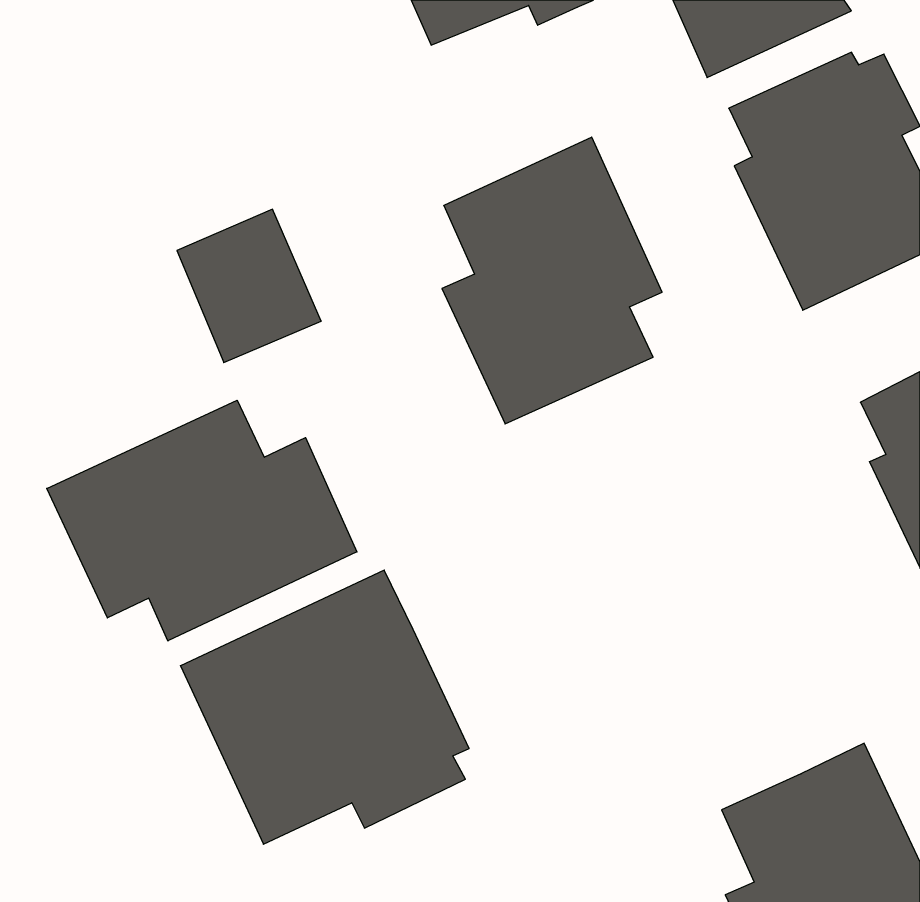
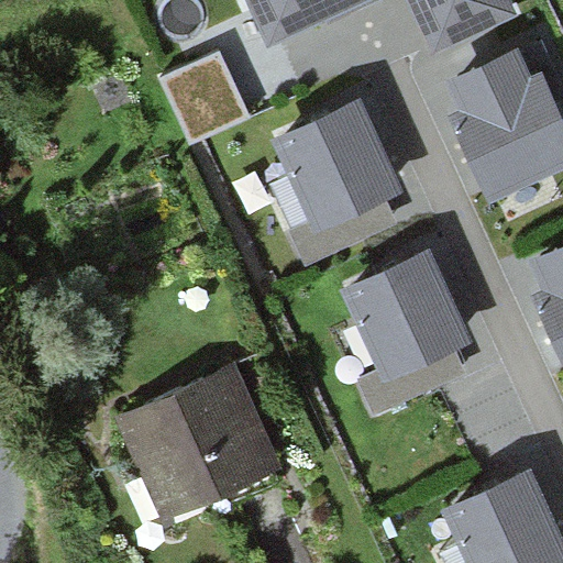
building: [177,209,321,363] -> [168,59,256,153]
building: none -> [339,245,471,419]
building: [47,400,357,641] -> none

